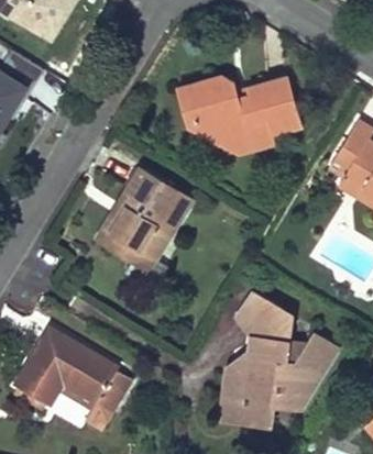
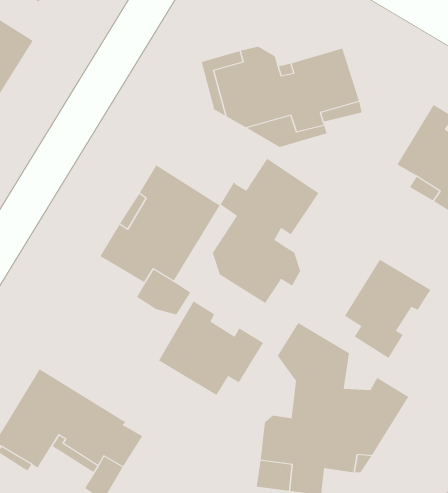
building: none -> [212,158,319,304]
building: none -> [344,259,431,359]
building: none -> [158,301,264,396]

